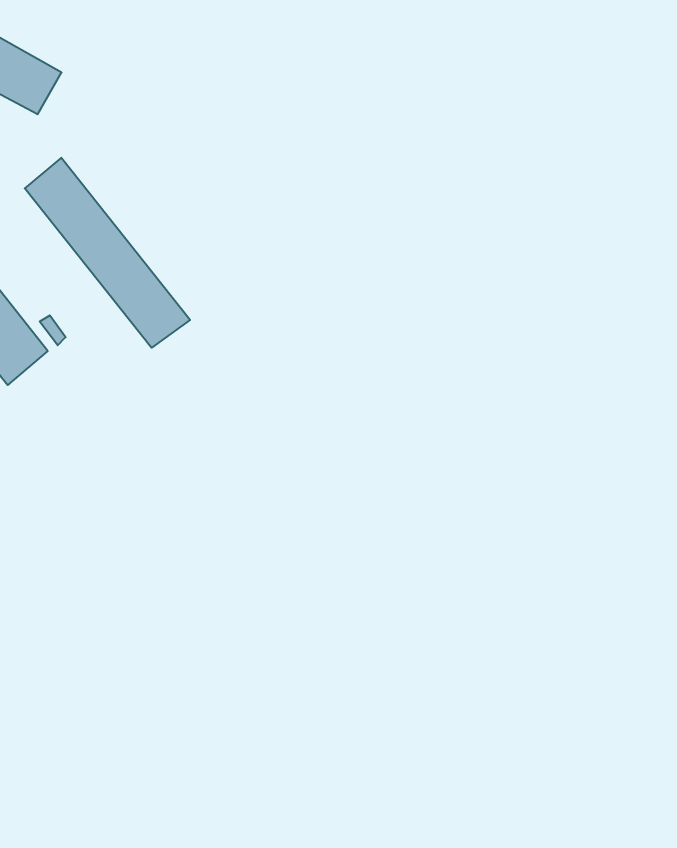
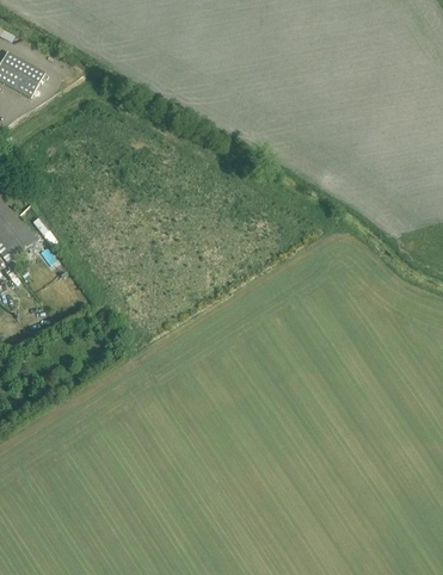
building: [25,158,190,348] -> none

